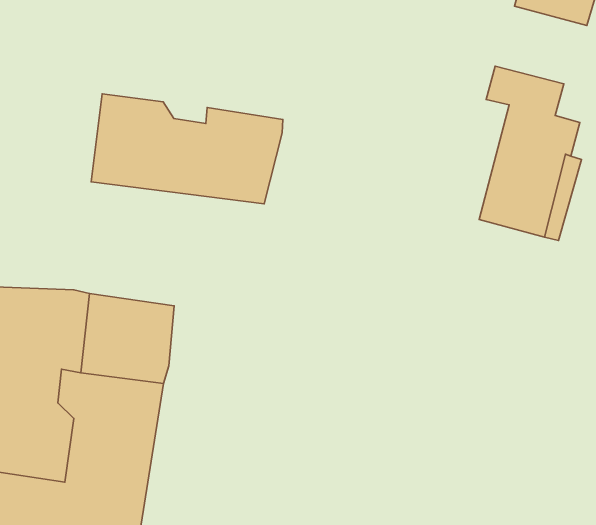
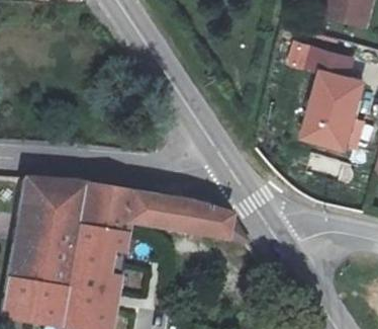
building: [91,94,283,204] -> none
building: none -> [126,187,245,237]

